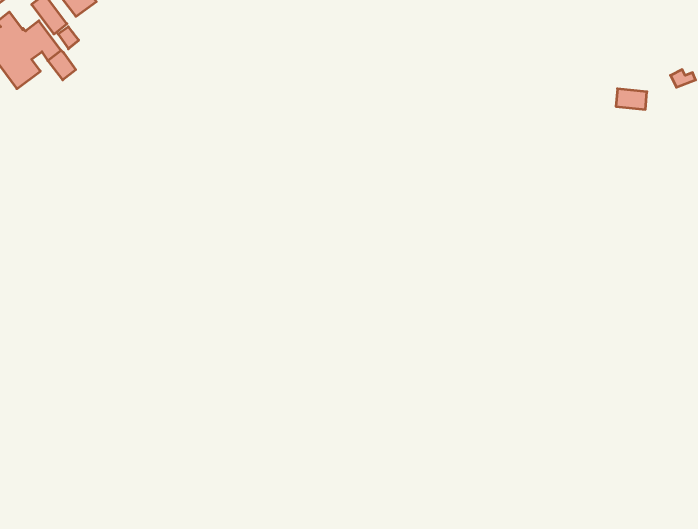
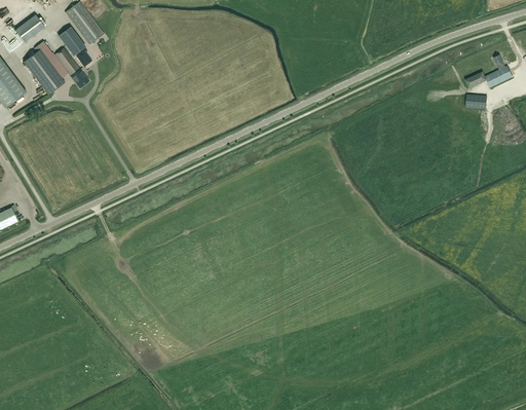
building: none -> [463,54,512,88]

